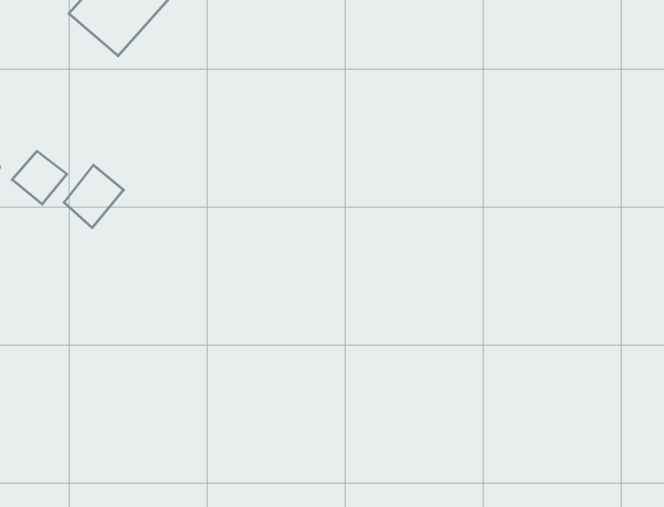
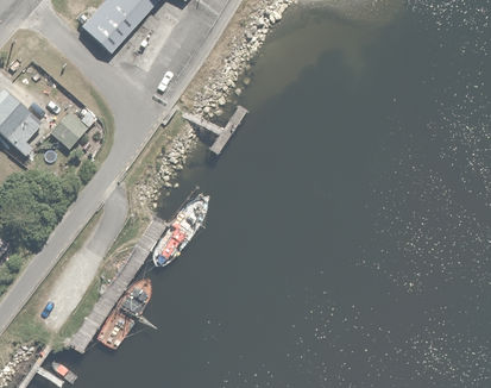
building: [64,165,124,228] -> none

